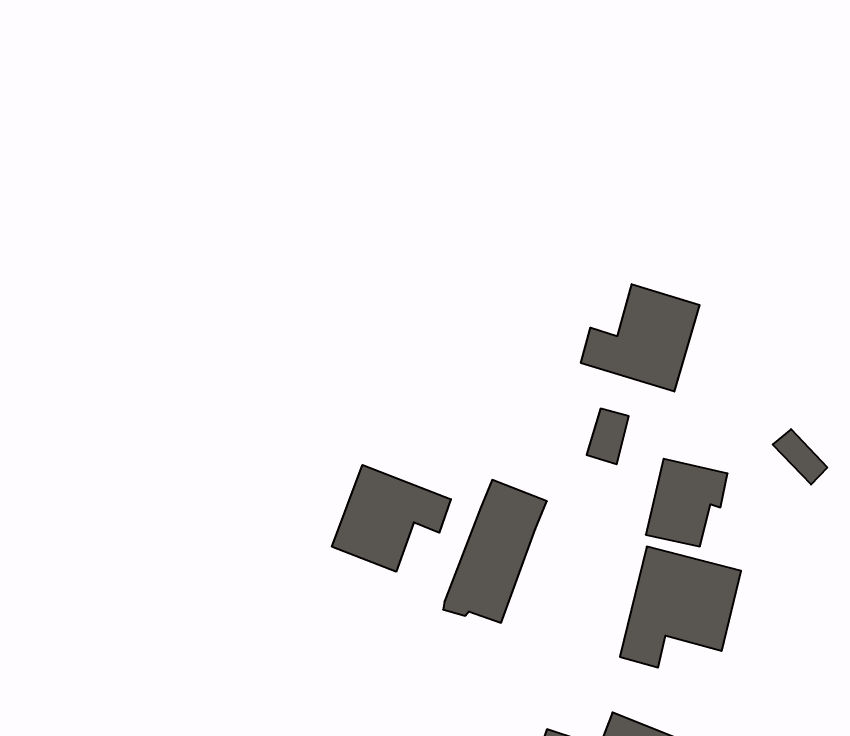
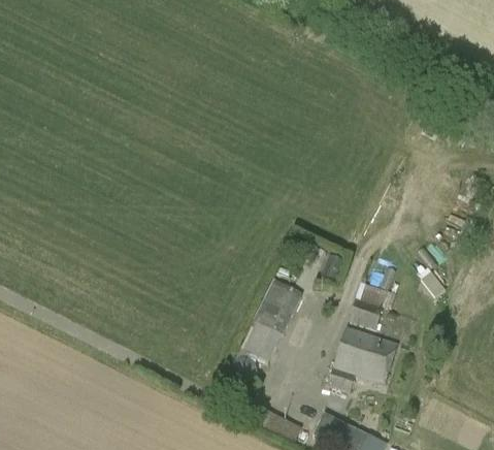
building: [581,284,700,392] -> none
building: [332,465,451,572] -> none

